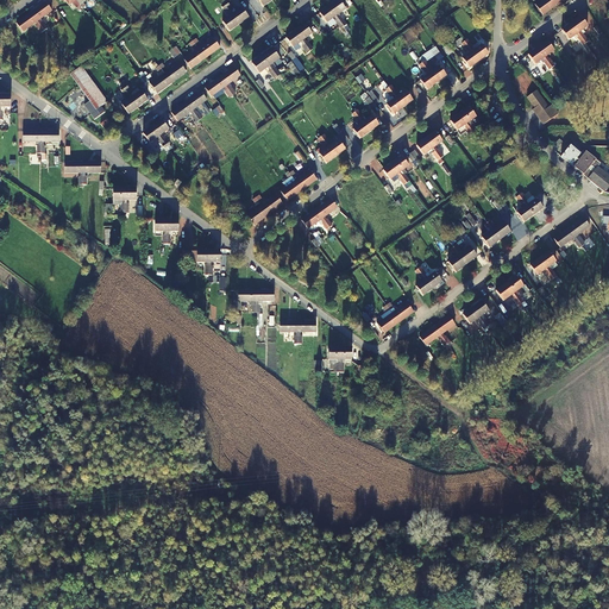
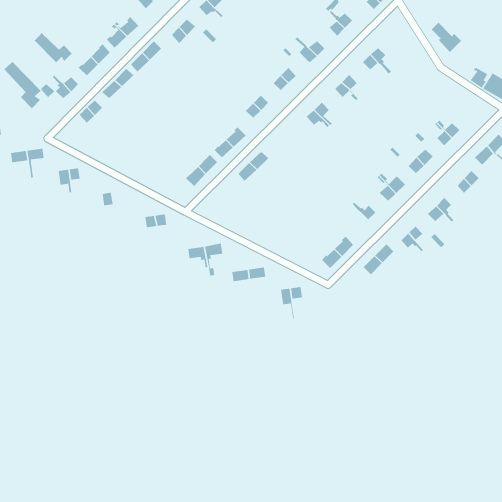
building: none -> [34,32,73,63]

